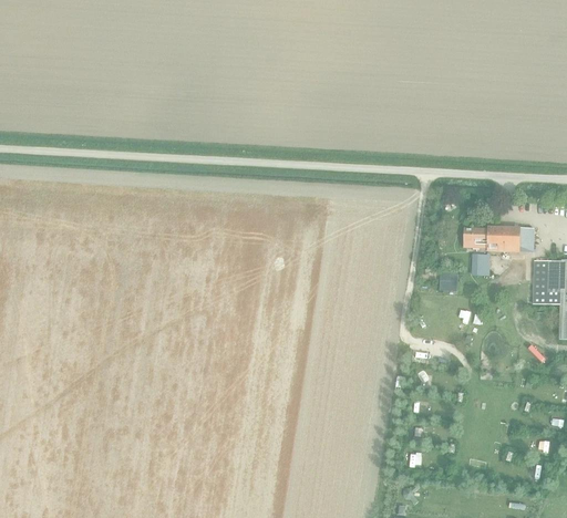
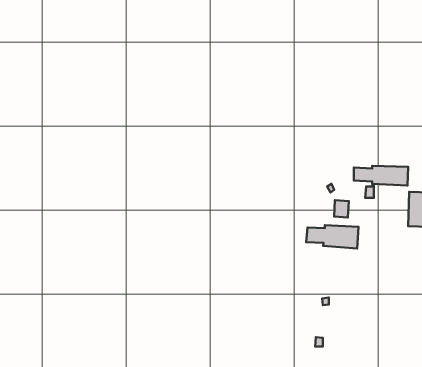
building: none -> [306,225,358,248]

